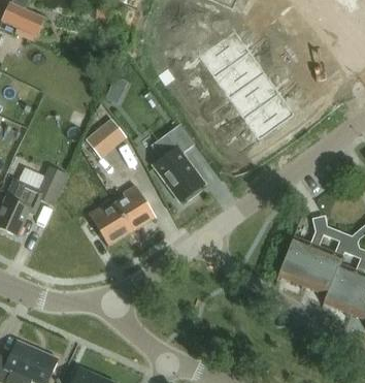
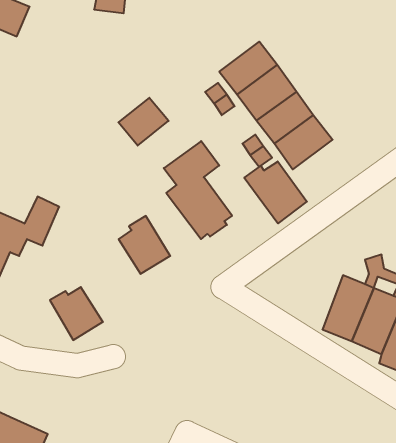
building: [86,119,126,157] -> [118,98,169,146]
building: none -> [244,161,307,223]
building: [90,202,132,245] -> [50,287,103,340]

